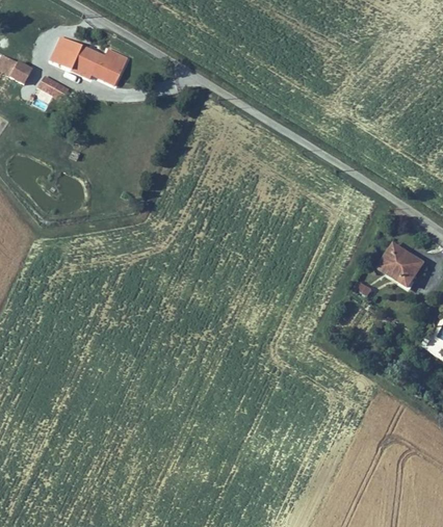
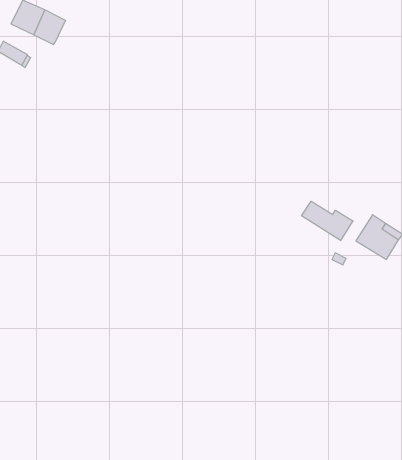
building: [92,50,125,86] -> none
building: none -> [302,201,353,241]

